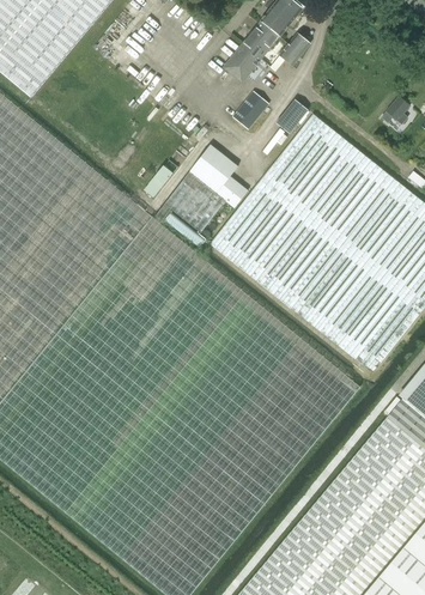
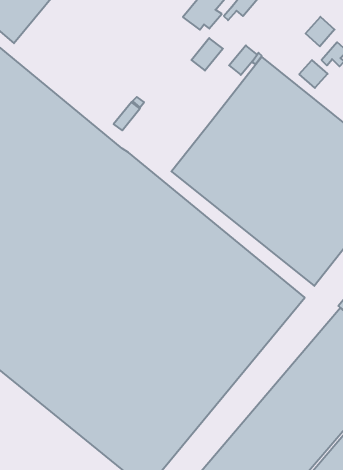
building: none -> [306,17,335,46]
building: none -> [299,60,328,88]
building: [153,145,247,235] -> none

